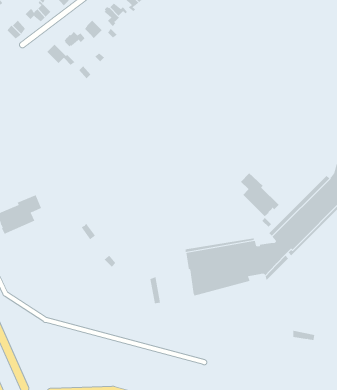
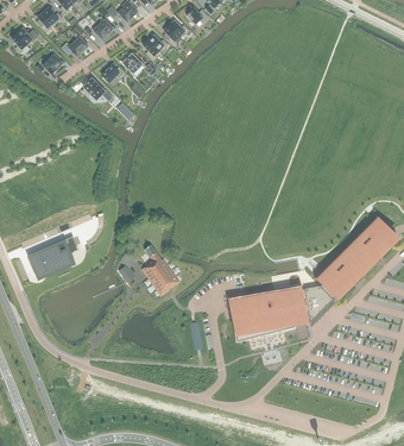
building: [240,172,280,217] -> none
building: none -> [141,243,179,294]

